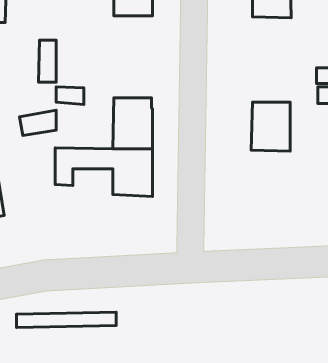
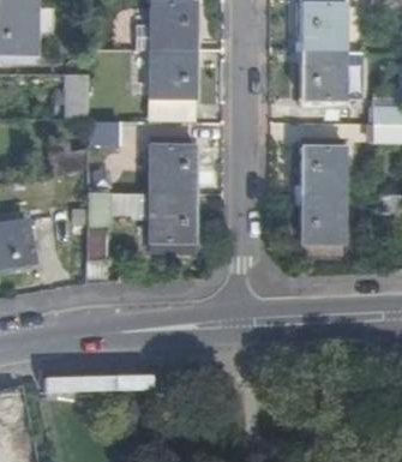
building: none -> [151,48,194,120]
building: none -> [301,49,344,110]
building: none -> [301,193,343,244]

